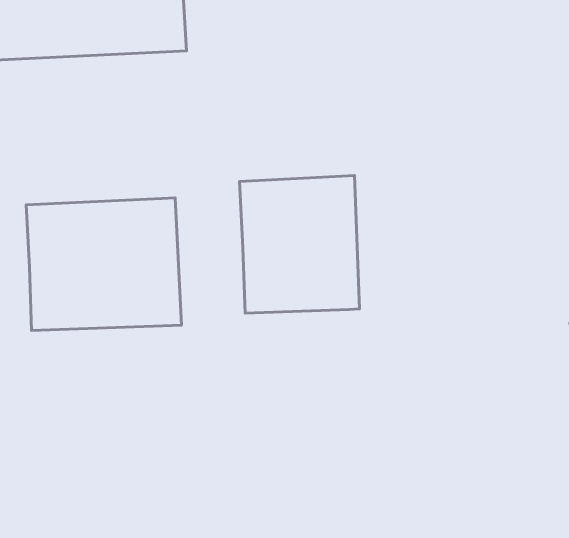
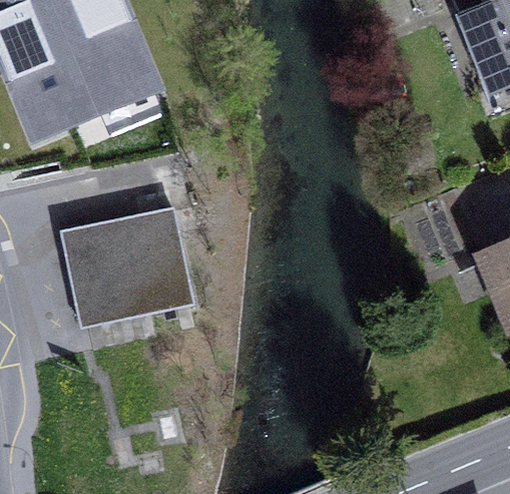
building: [239,176,360,313] -> none

